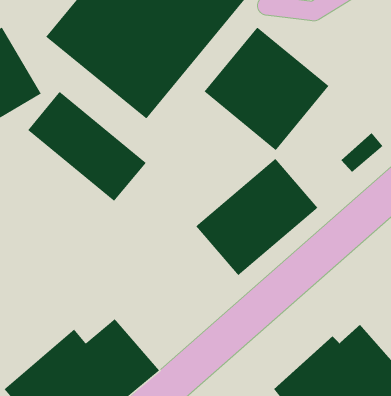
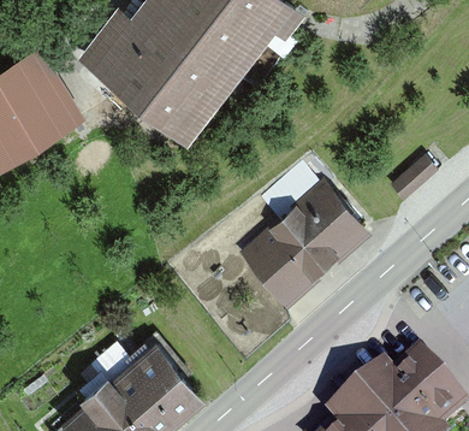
building: [203,26,330,151] -> none
building: [27,91,147,202] -> none

